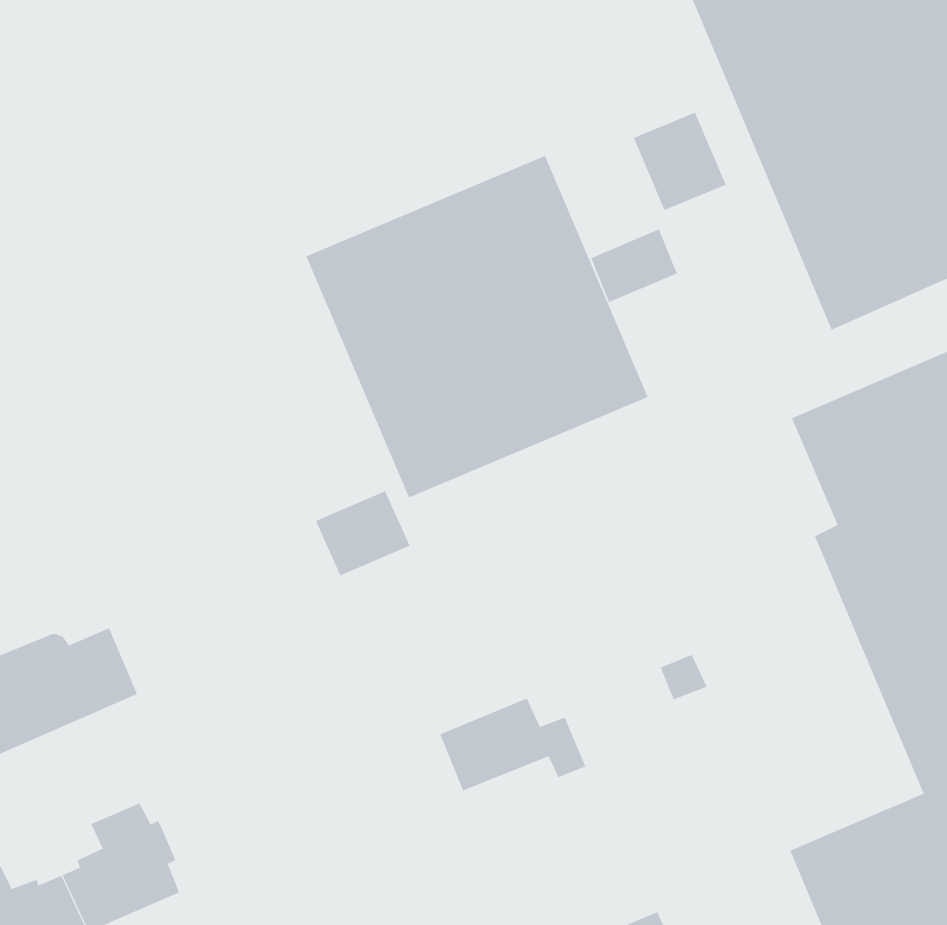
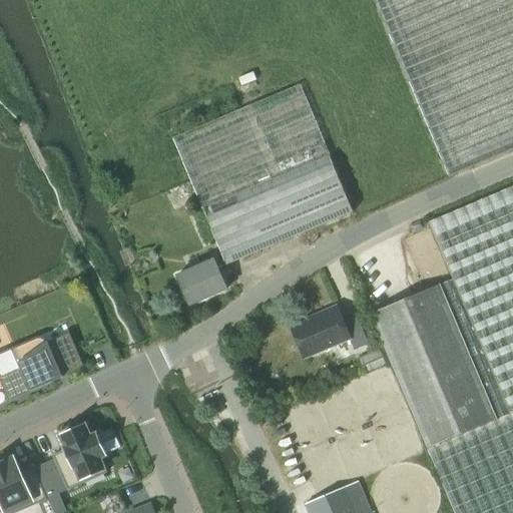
building: [633,112,726,211] -> none
building: [590,229,678,303] -> none
building: none -> [369,284,497,449]
building: [440,698,586,791] -> [293,308,370,357]

